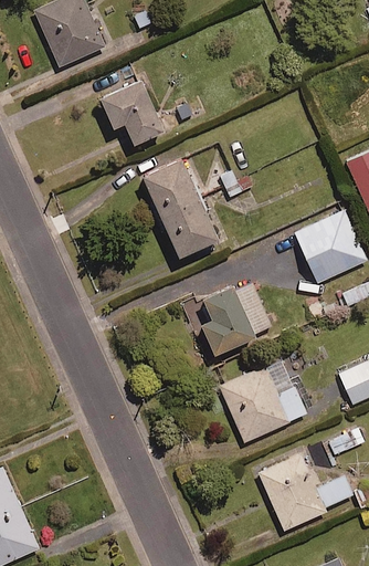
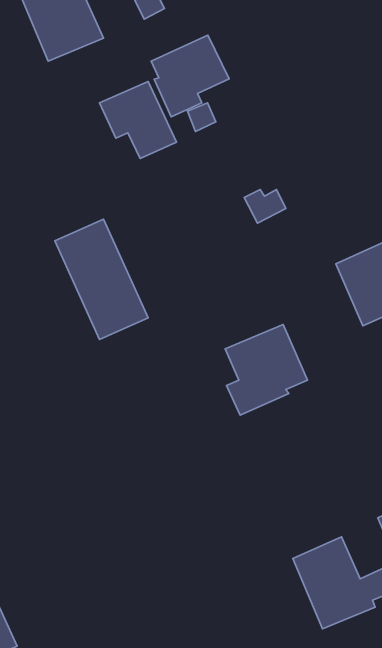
building: none -> [151,35,229,117]
building: [143,160,219,259] -> [55,219,148,339]
building: [220,366,307,441] -> none

